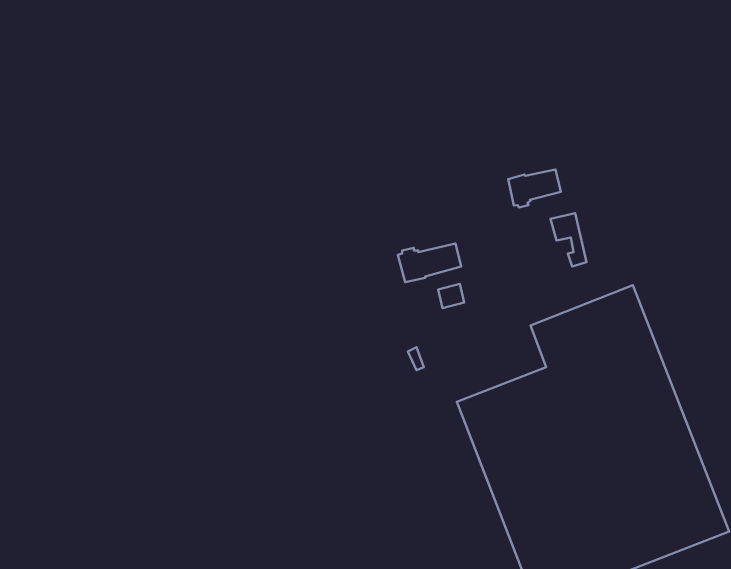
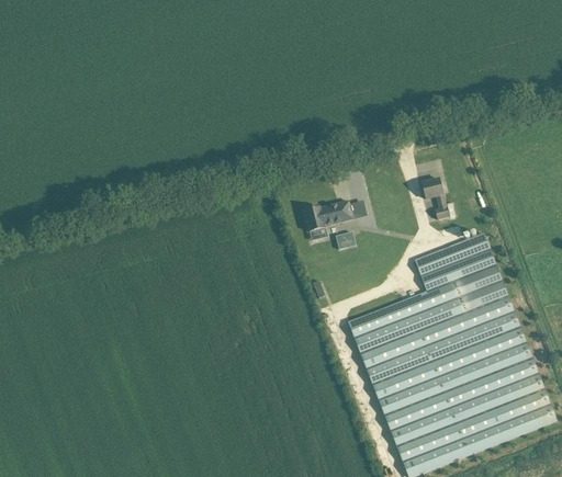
building: [508,170,561,207] -> none

